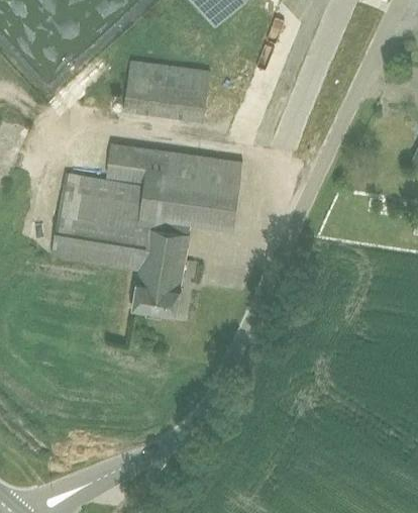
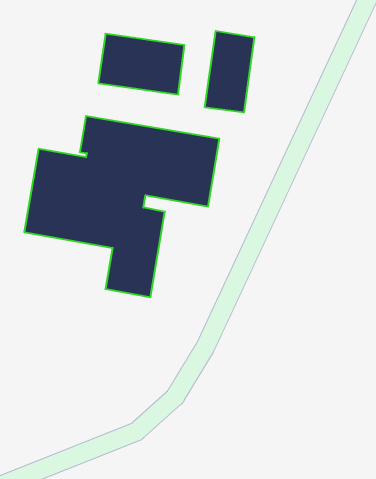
building: none -> [205,31,254,113]

